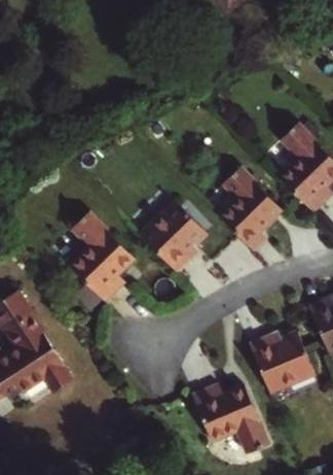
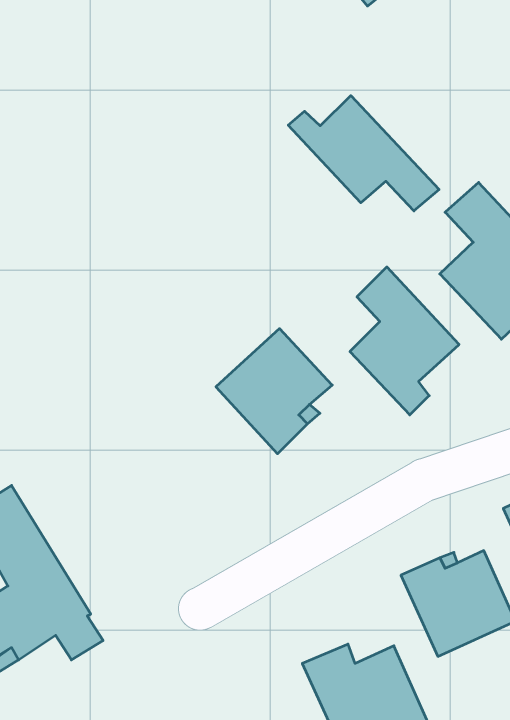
building: none -> [288,96,439,211]
building: [63,207,127,299] -> none

